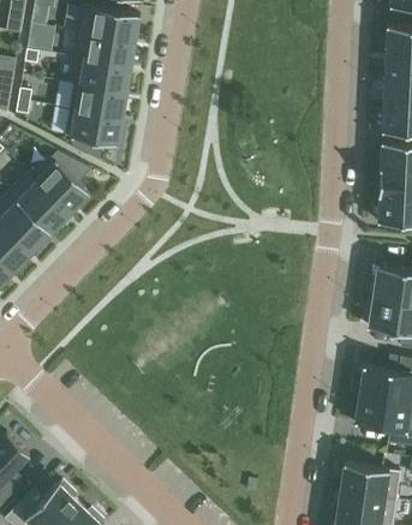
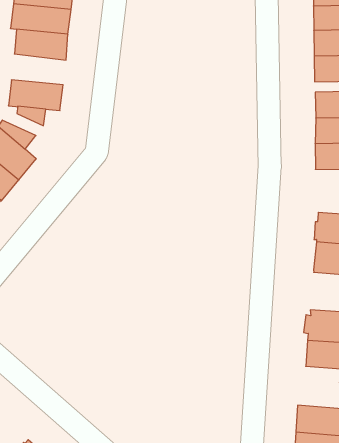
building: [68,84,126,119] -> none

